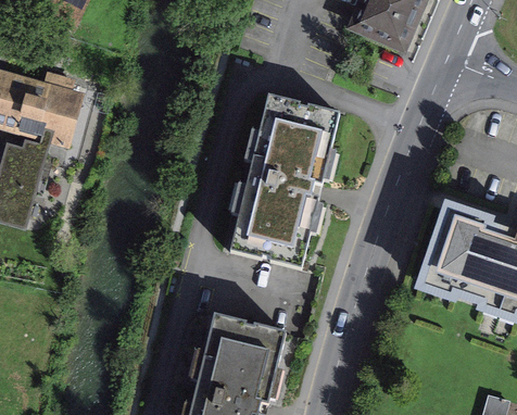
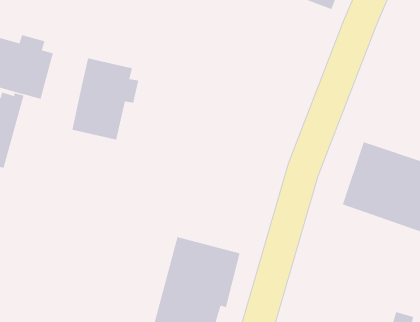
building: none -> [71,57,139,140]
building: [227,102,339,276] -> none

